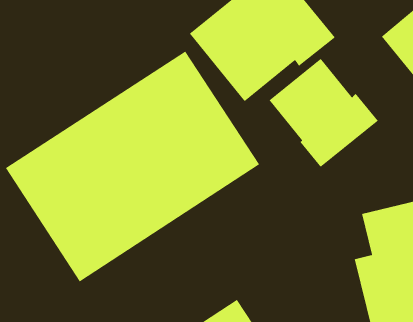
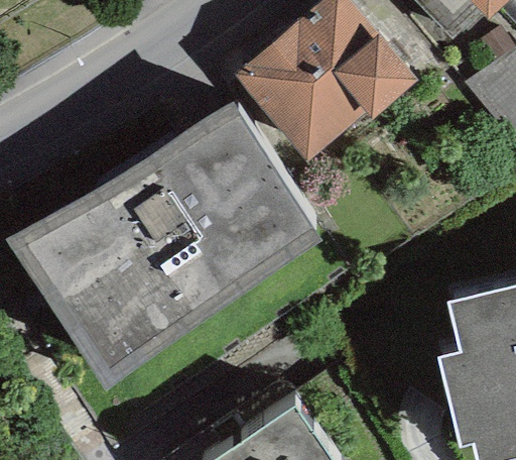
building: [269,58,379,168] -> none

